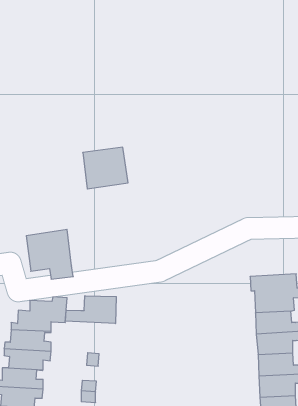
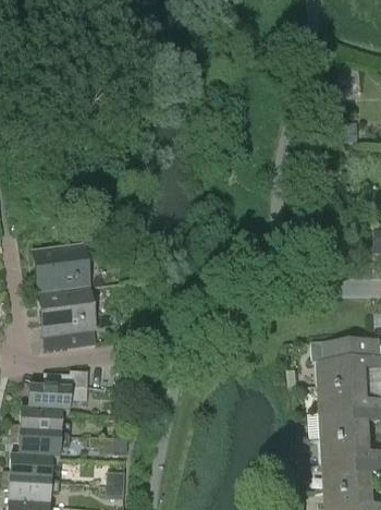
building: [83,147,128,189] -> [33,242,88,293]
building: [65,296,116,324] -> none

